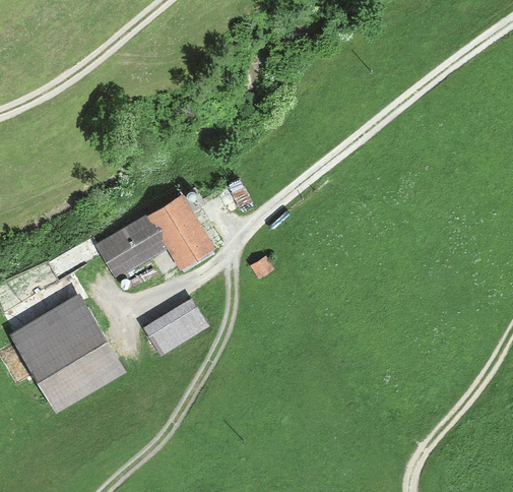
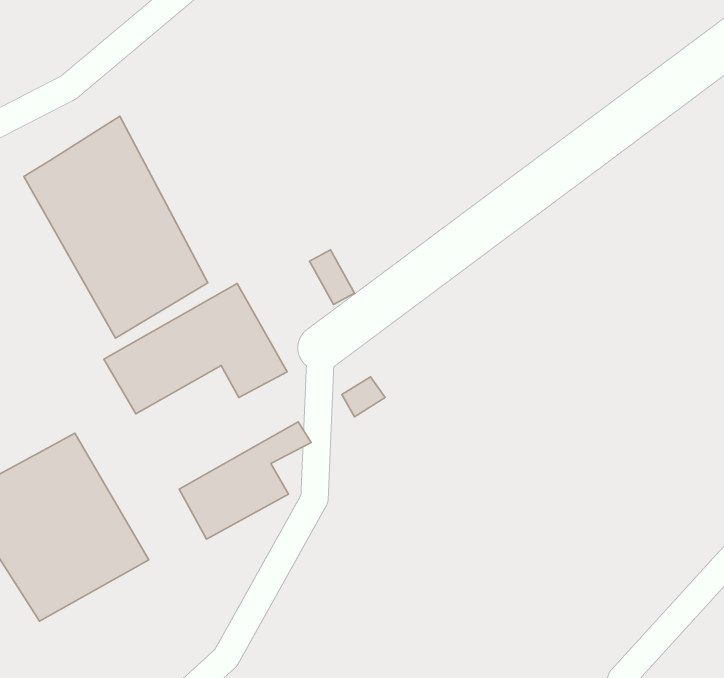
building: none -> [24,116,208,338]

